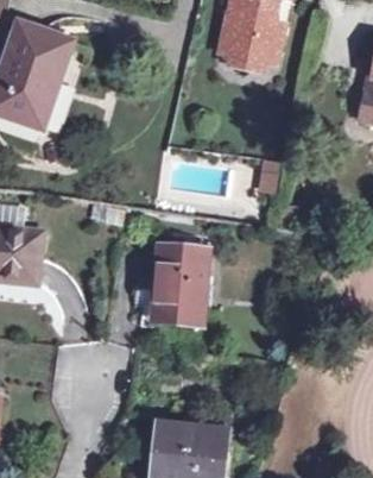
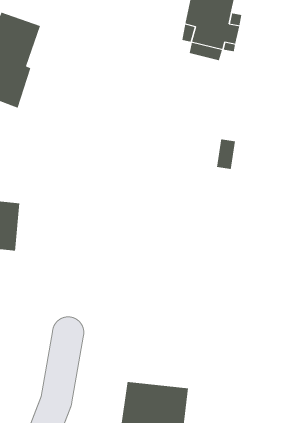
building: [156,240,211,322] -> none

